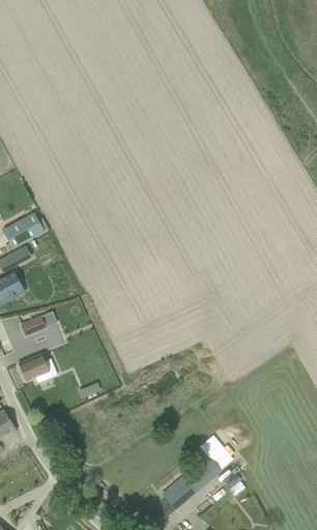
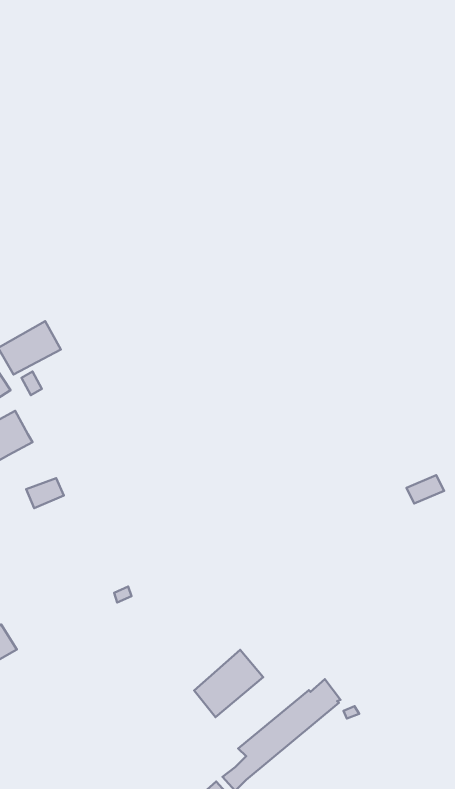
building: [18,353,57,383] -> none
building: none -> [194,650,263,717]

